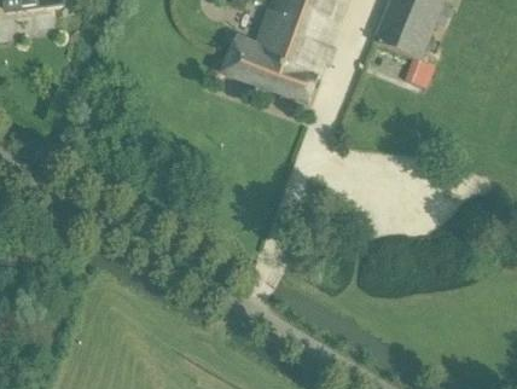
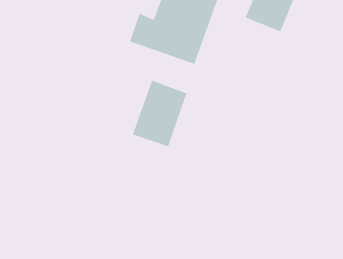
building: none -> [132,80,187,147]

